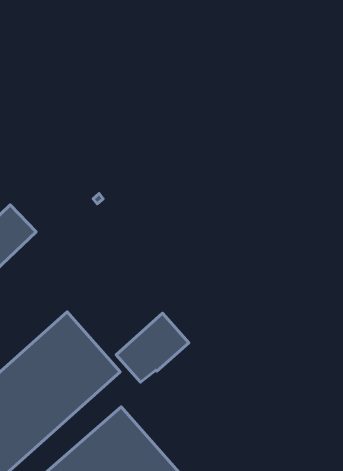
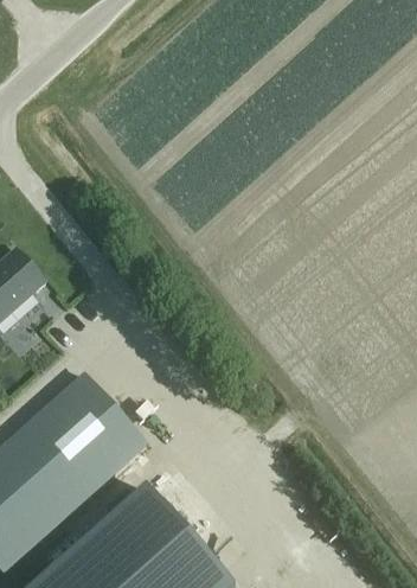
building: [116,313,189,382] -> none

